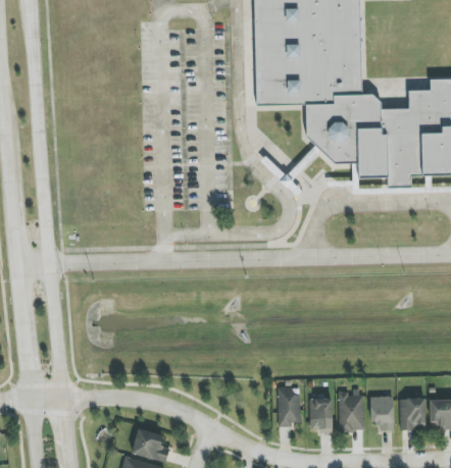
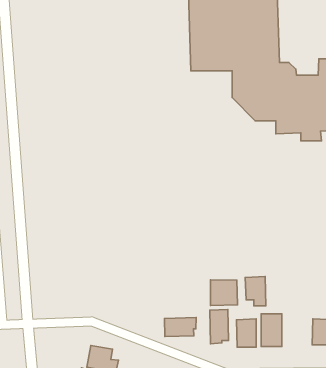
building: none -> [210,280,238,305]
building: [369,396,394,430] -> [245,277,266,306]
building: none -> [165,317,196,337]

